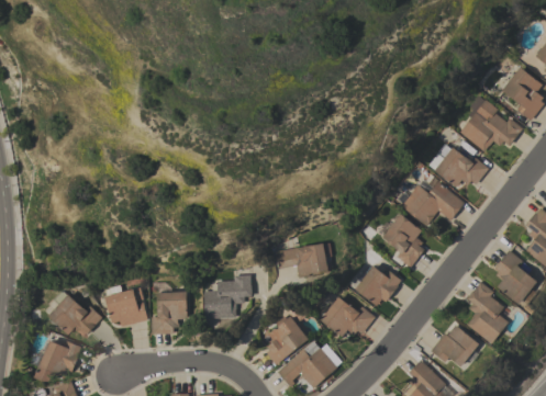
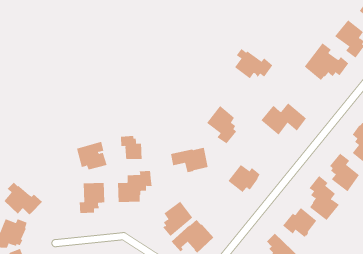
building: [434,144,488,186] -> [234,48,273,79]
building: [381,213,424,267] -> [206,105,237,144]
building: none -> [120,135,142,160]
building: [104,286,147,326] -> [76,141,107,170]
building: [320,296,375,336] -> none

